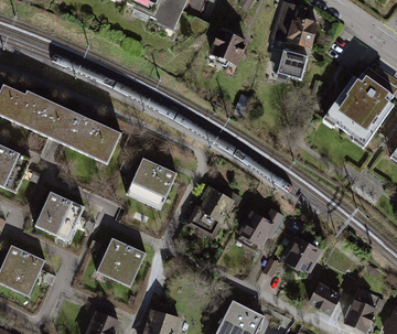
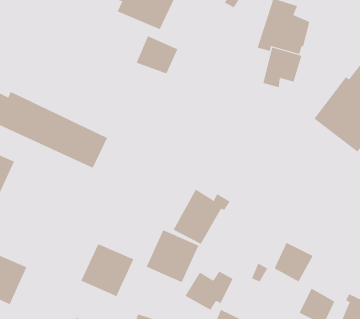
building: [210,29,250,66] -> [136,36,178,74]
building: [127,160,179,212] -> [146,229,199,283]
building: [33,193,84,245] -> none
building: [237,208,285,247] -> [185,271,233,311]

